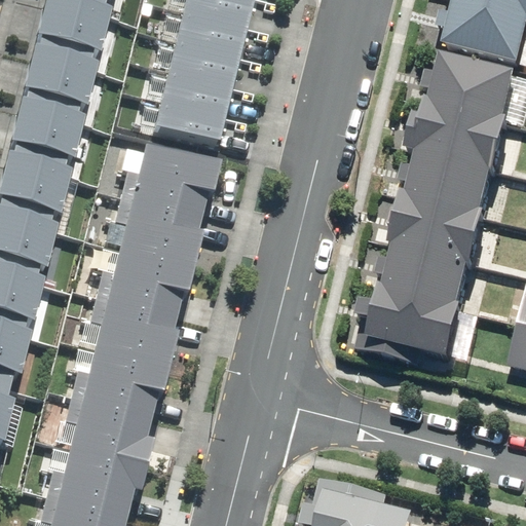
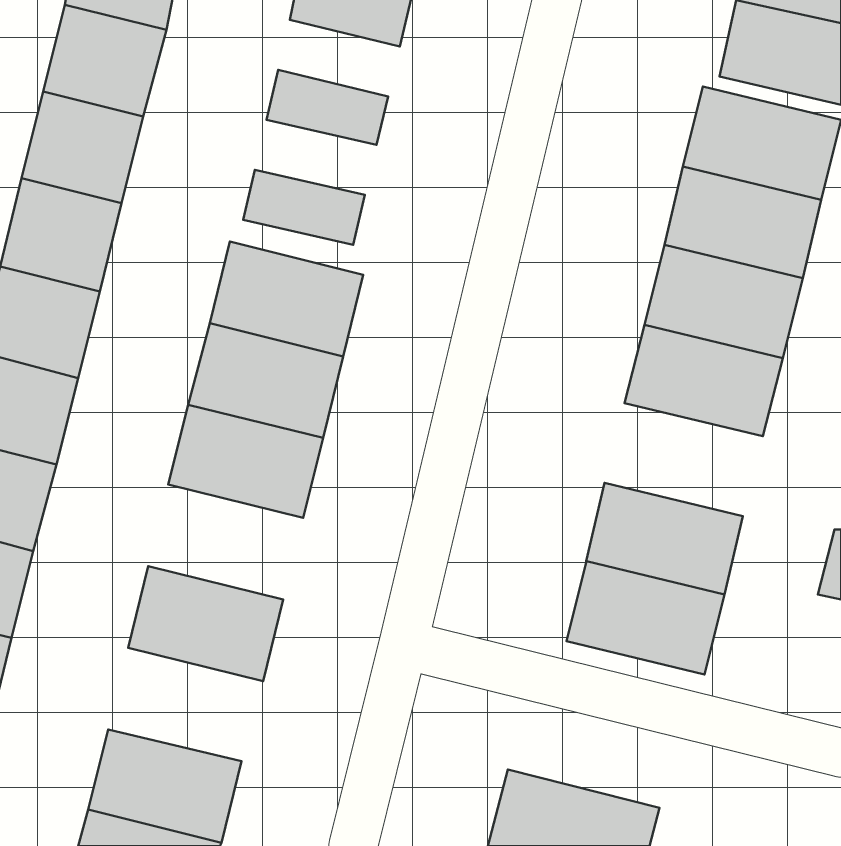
building: [172,12,247,60] -> none
building: [157,74,232,120] -> none
building: [373,249,471,318] -> [566,561,725,675]
building: [91,299,187,370] -> none
building: [67,400,162,469] -> none

